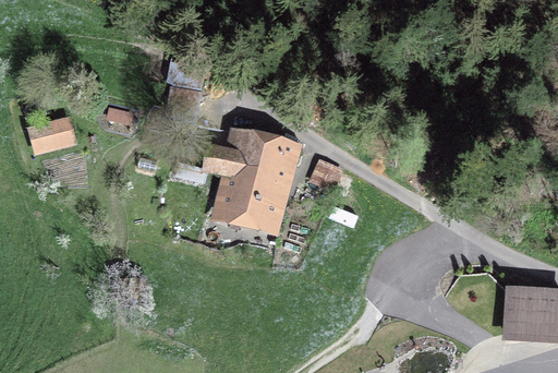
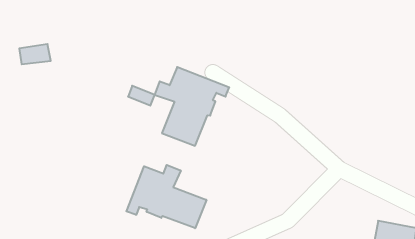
building: none -> [126,165,206,228]

